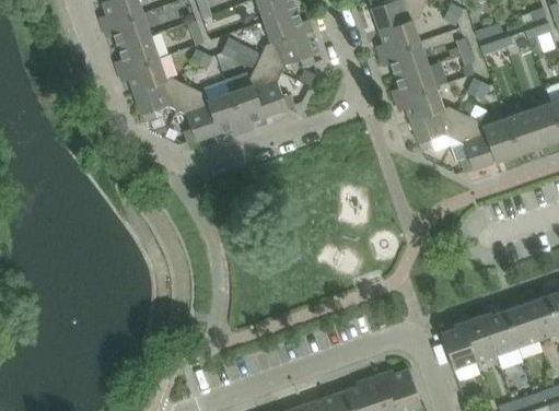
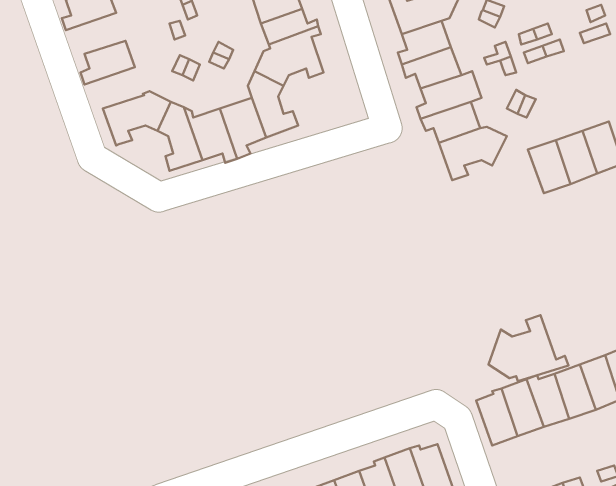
building: [103,13,152,47] -> none
building: [118,58,167,92] -> none
building: [454,115,497,173] -> none
building: none -> [489,315,568,381]

